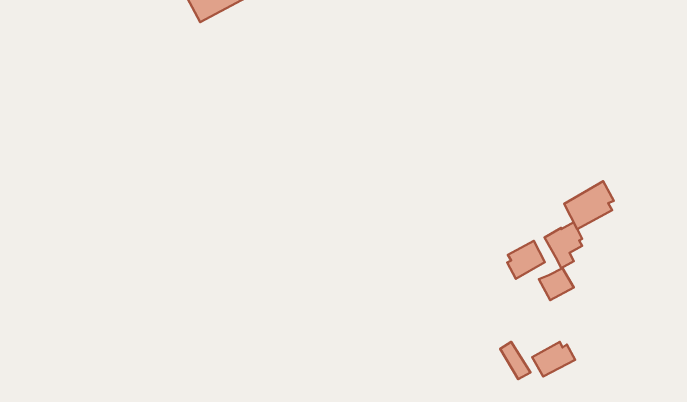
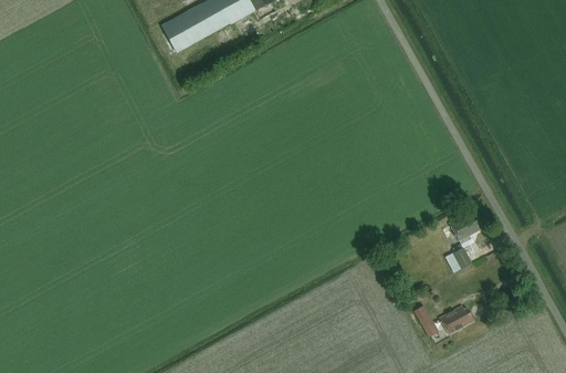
building: [564,181,614,229] -> none
building: [507,241,545,279] -> none

